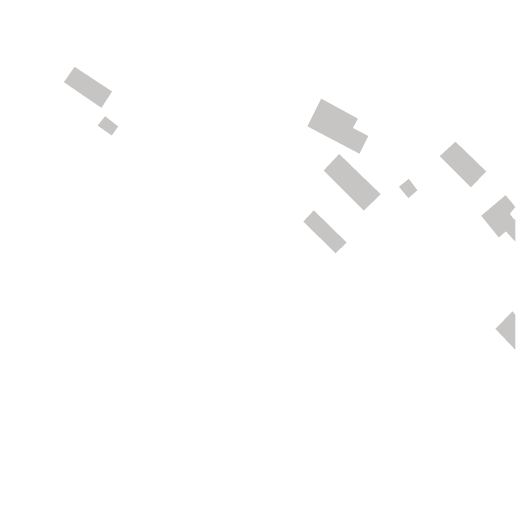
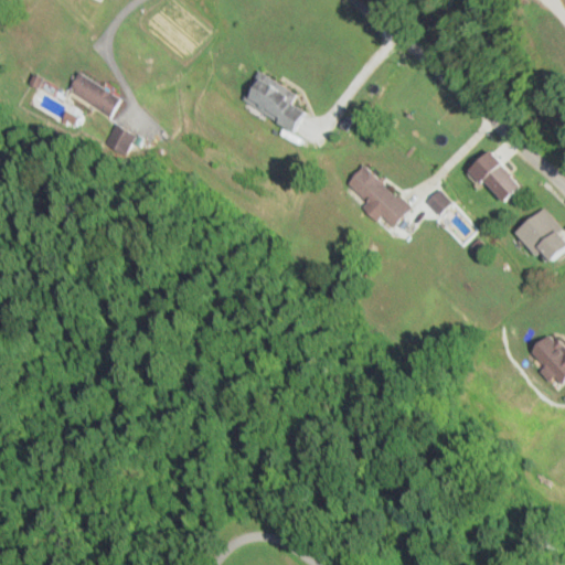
building: [307,98,369,154] -> [241,72,308,132]
building: [303,210,348,254] -> none

